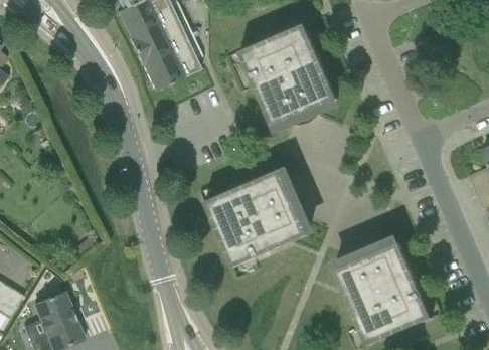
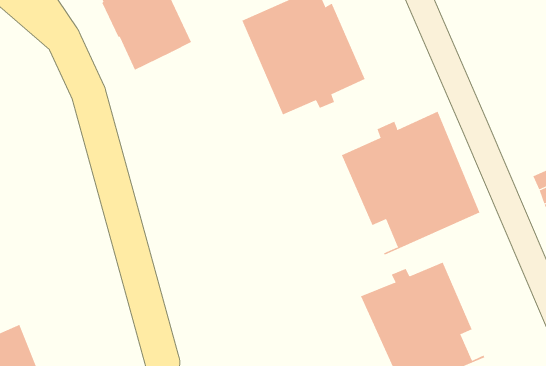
building: none -> [341,111,480,256]
building: [206,168,309,257] -> none

